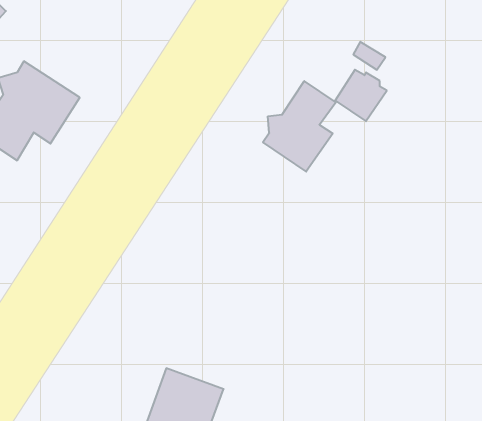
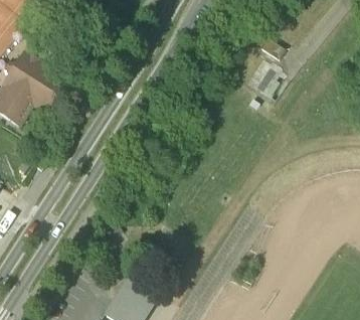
building: [263,81,336,172] -> none

